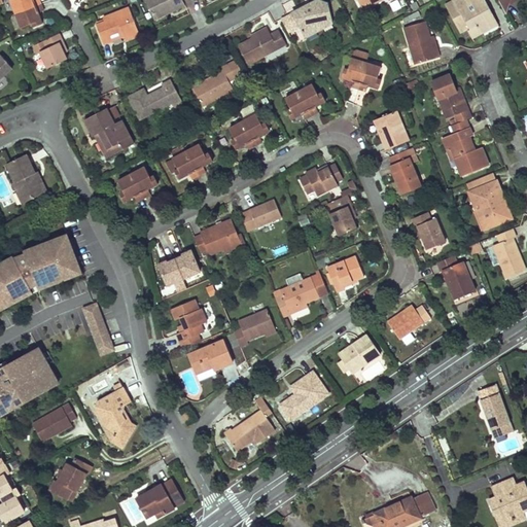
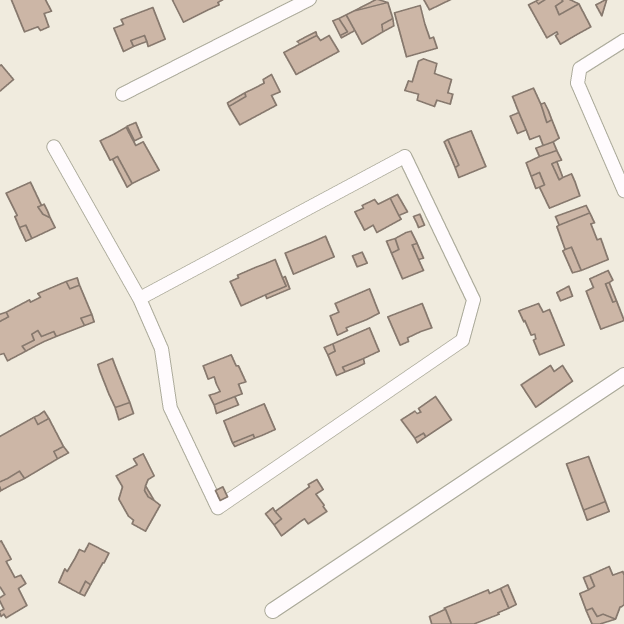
building: [403,21,440,64] -> [394,5,437,57]
building: [32,33,66,67] -> none
building: [128,79,183,118] -> none
building: [285,83,325,118] -> none
building: [229,113,269,148] -> none
building: [172,143,212,178] -> none
building: [389,149,421,195] -> none
building: [117,166,157,201] -> none
building: [412,211,445,248] -> none
building: [157,249,200,291] -> none
building: [387,304,430,339] -> [521,365,572,407]
building: [234,308,275,347] -> [330,289,379,335]
building: [280,371,328,419] -> none
building: [33,402,76,441] -> none
building: [136,479,182,517] -> none

